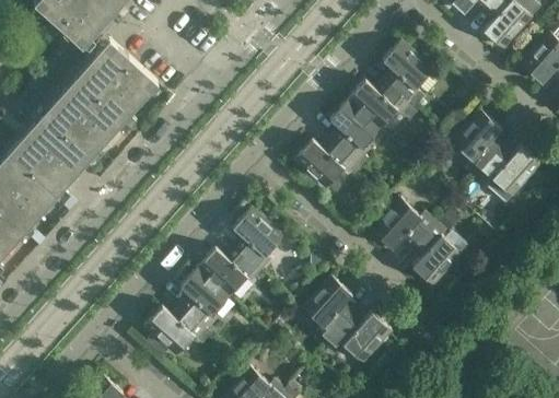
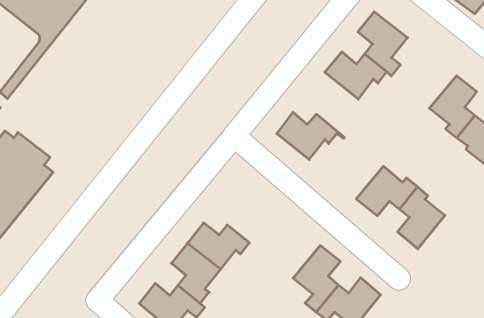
building: [34,38,159,165] -> none
building: [330,99,381,167] -> none
building: [233,208,284,270] -> none

